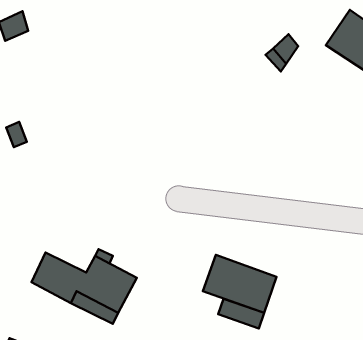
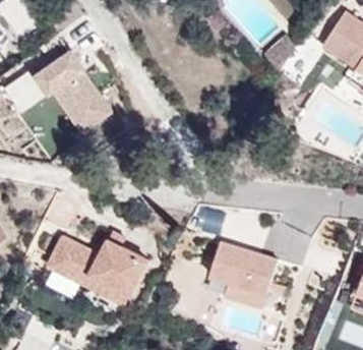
building: none -> [35,50,110,131]

